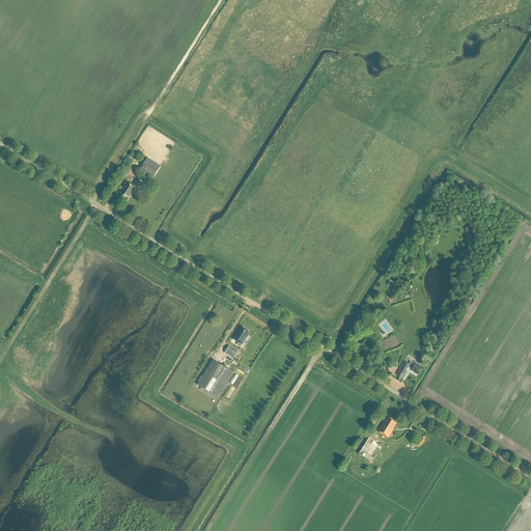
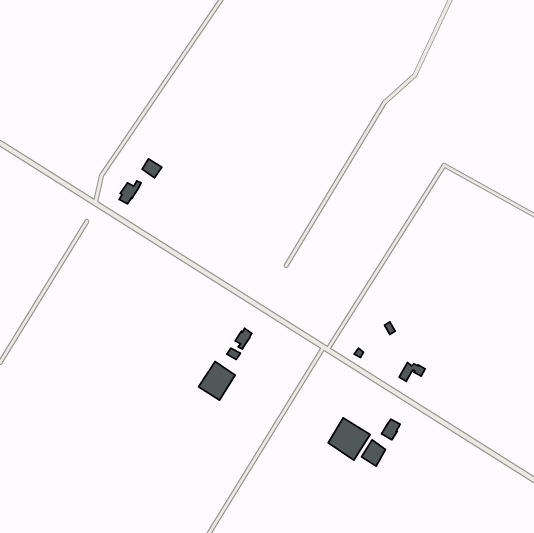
building: none -> [328,418,370,460]

